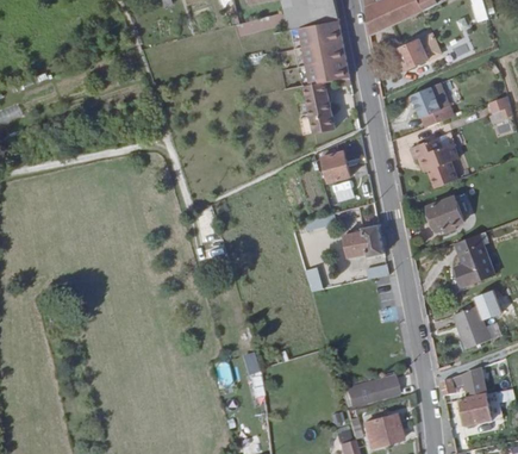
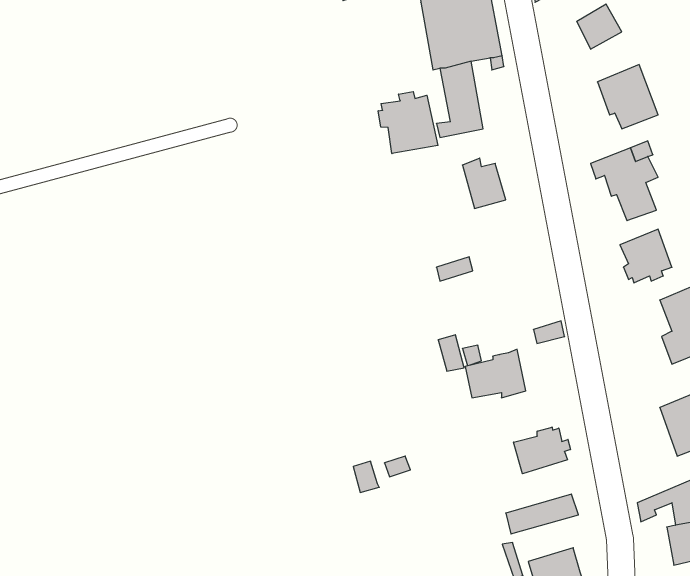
building: none -> [378,92,438,154]
building: [343,219,385,253] -> [465,349,526,398]
building: none -> [514,427,570,474]

